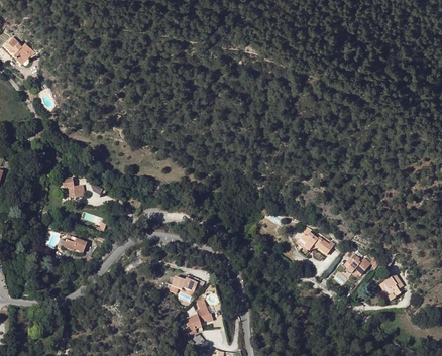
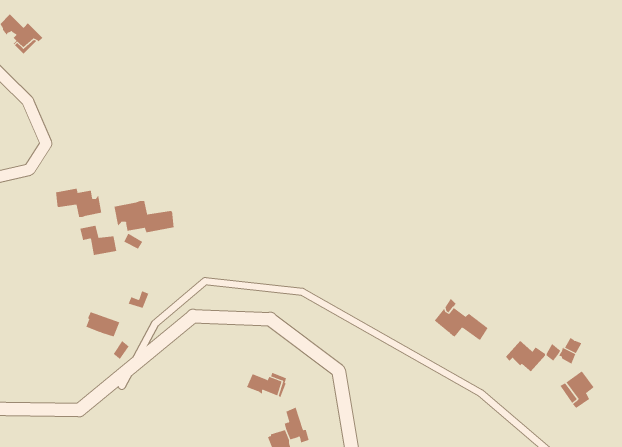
building: none -> [55,188,102,218]
building: none -> [114,200,174,233]

